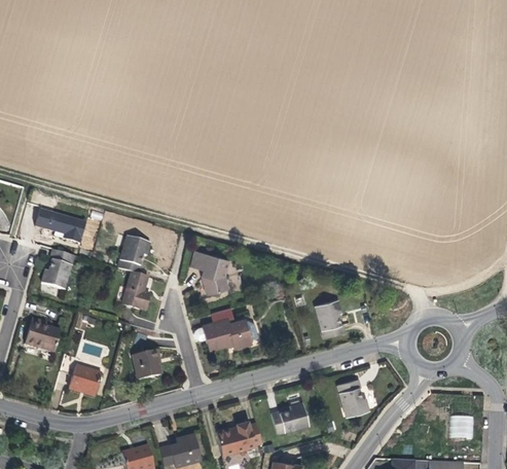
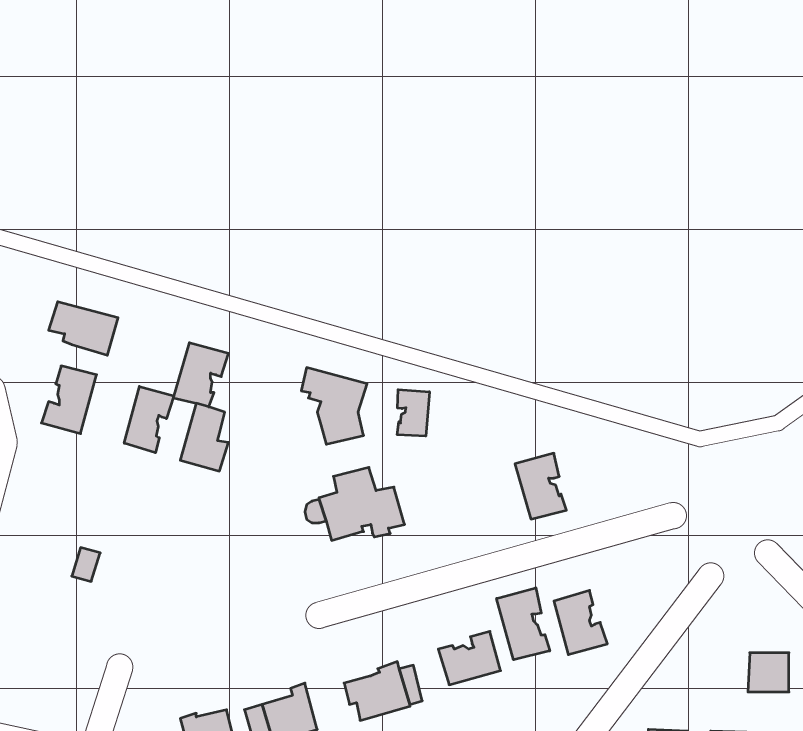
building: none -> [124,386,174,453]
building: none -> [397,390,429,436]
building: [25,321,62,352] -> none
building: [133,349,161,380] -> none
building: [70,365,102,393] -> none
building: none -> [497,588,550,660]

